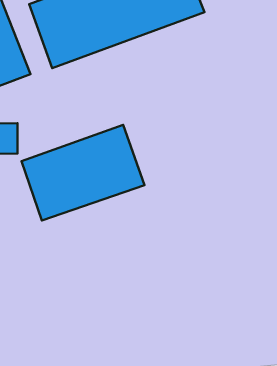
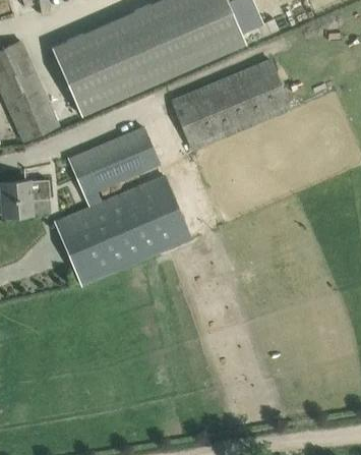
building: none -> [172,59,291,150]
building: none -> [57,126,160,201]

